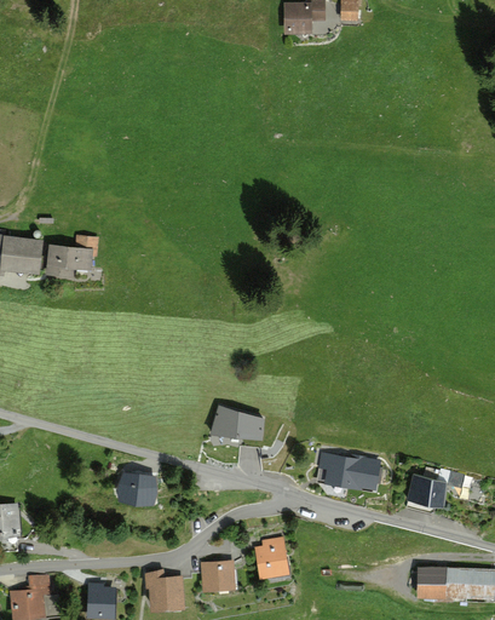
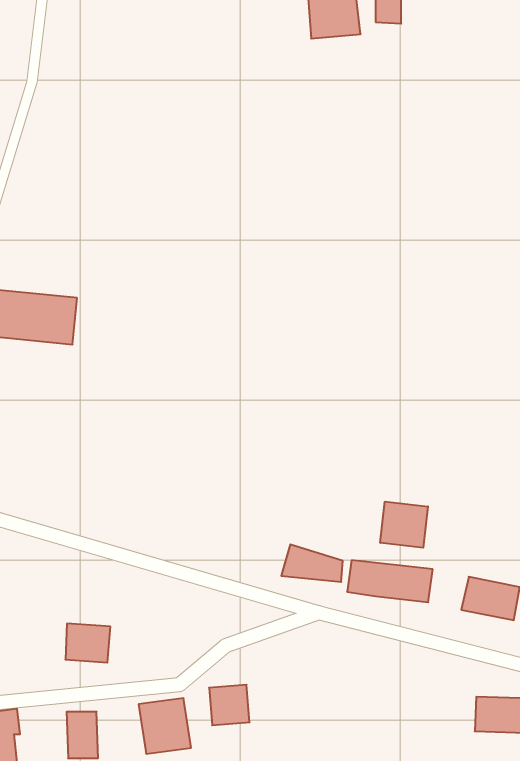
building: [207,408,257,438] -> [281,544,343,582]
building: none -> [380,502,428,548]
building: [121,471,157,503] -> [65,624,110,663]
building: [251,536,287,579] -> none

